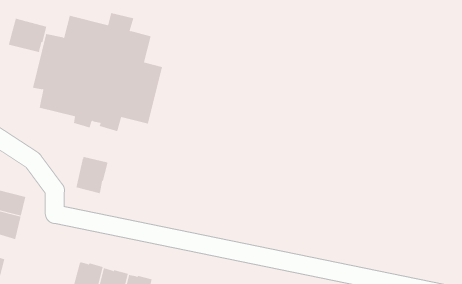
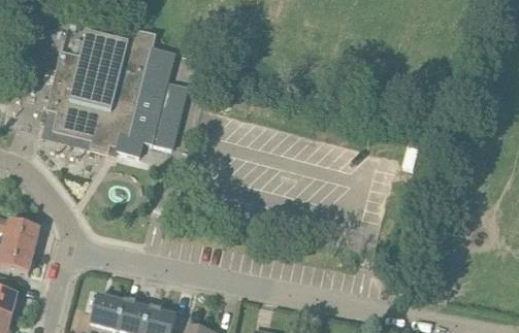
building: [8,18,47,53] -> none
building: [76,156,108,194] -> none

